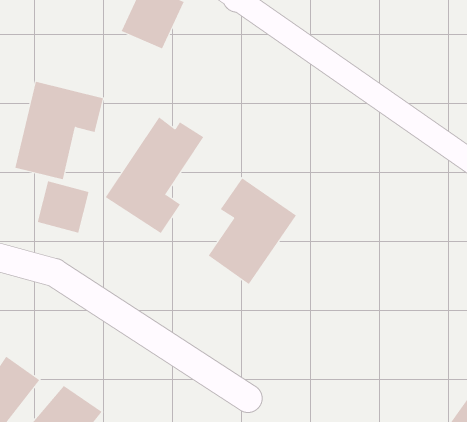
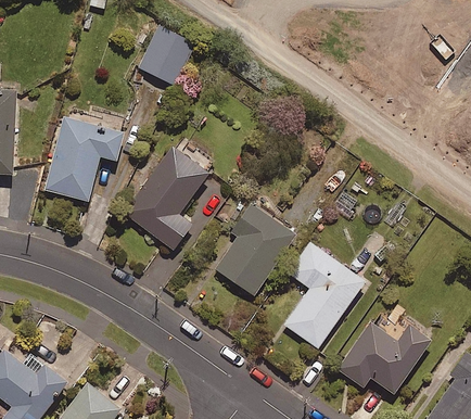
building: [37,180,89,234] -> none
building: none -> [283,243,364,348]
building: none -> [336,321,431,394]

